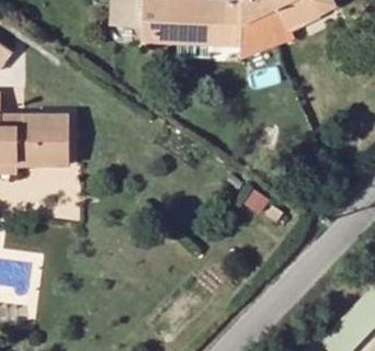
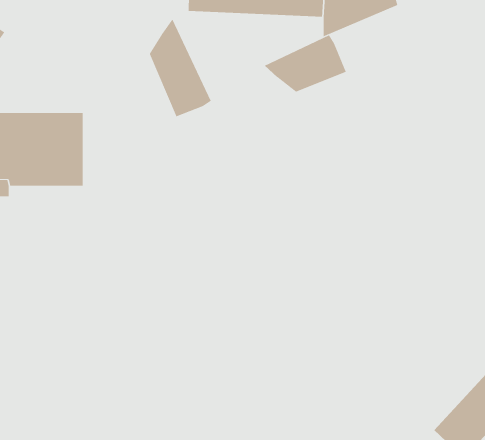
building: none -> [149,19,212,117]
building: none -> [264,35,346,93]

